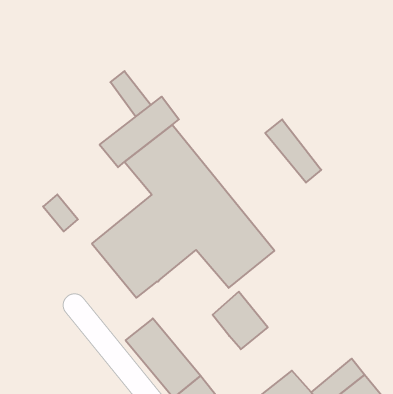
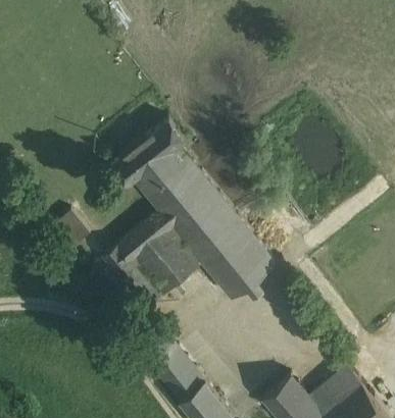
building: [110,71,151,117] -> none
building: [265,119,321,183] -> none
building: [213,292,268,349] -> none

